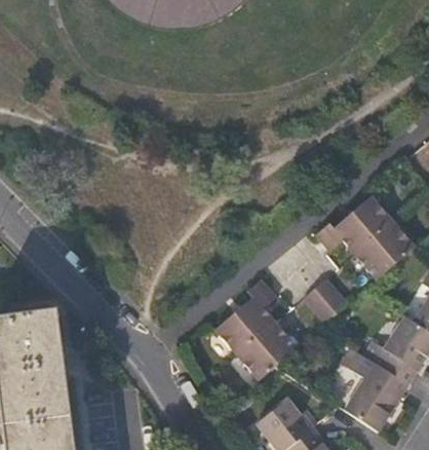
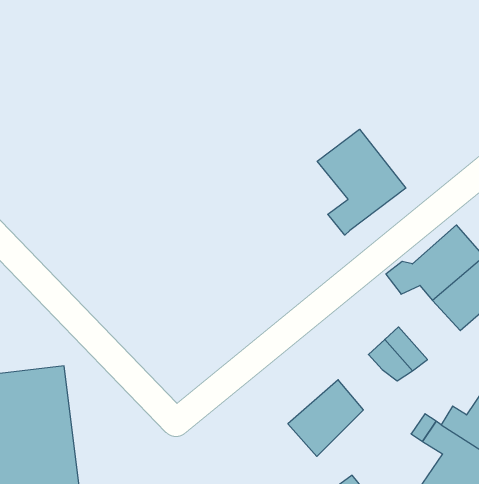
building: none -> [317,129,406,235]
building: [216,278,279,355] -> none

